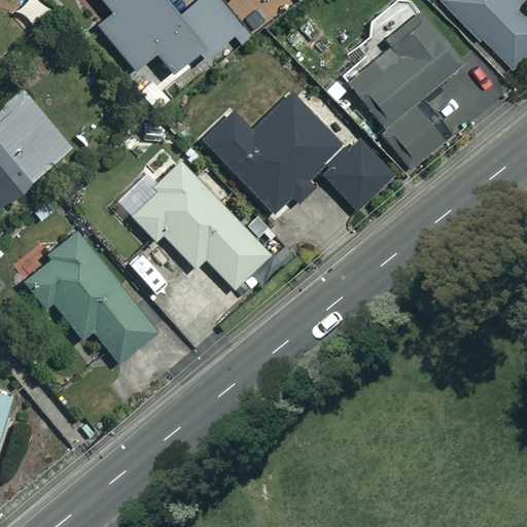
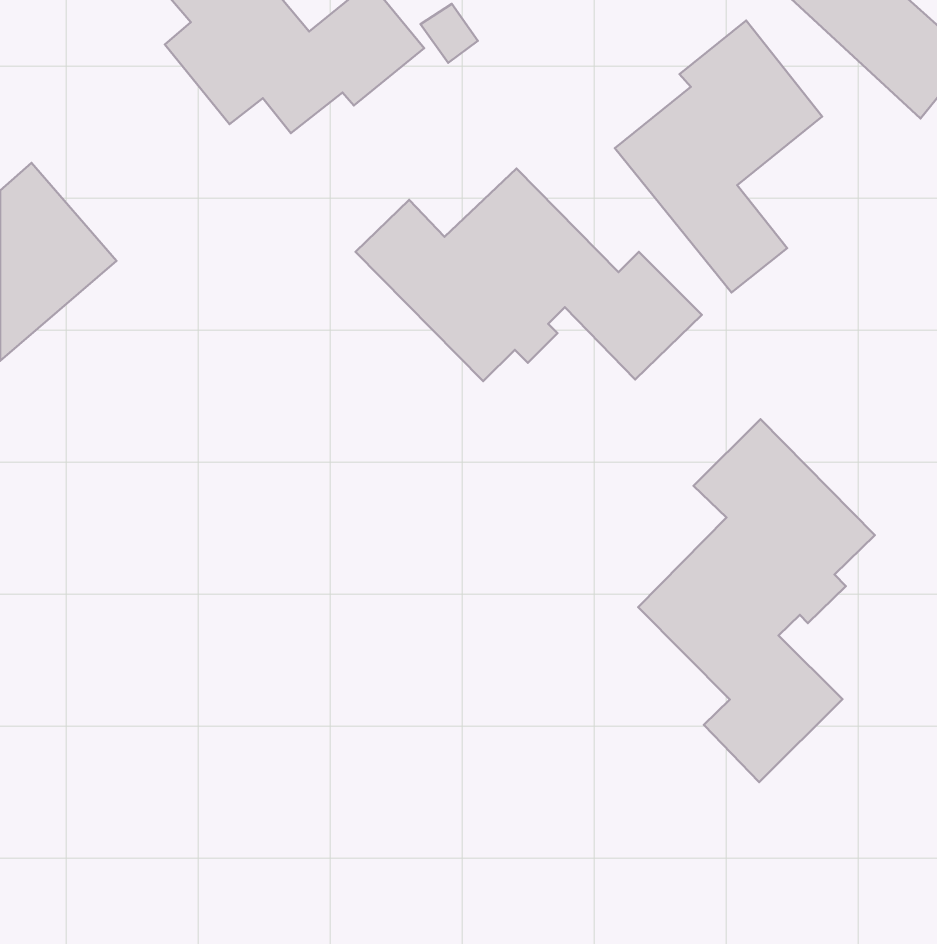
building: [124,162,269,287] -> none
building: [23,226,159,363] -> none
building: none -> [638,419,875,782]

